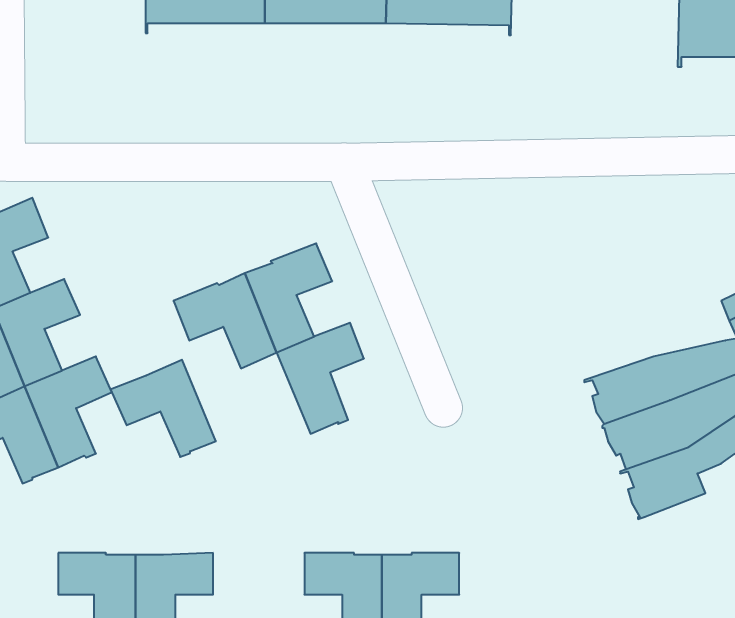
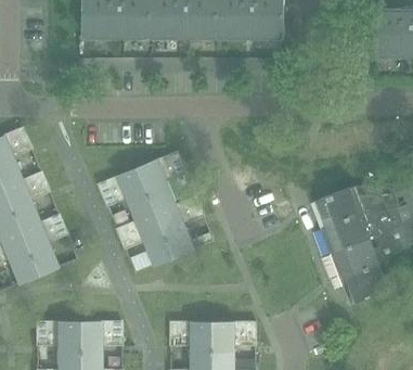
building: none -> [313,186,400,226]
building: [111,360,216,457] -> [116,212,173,265]

